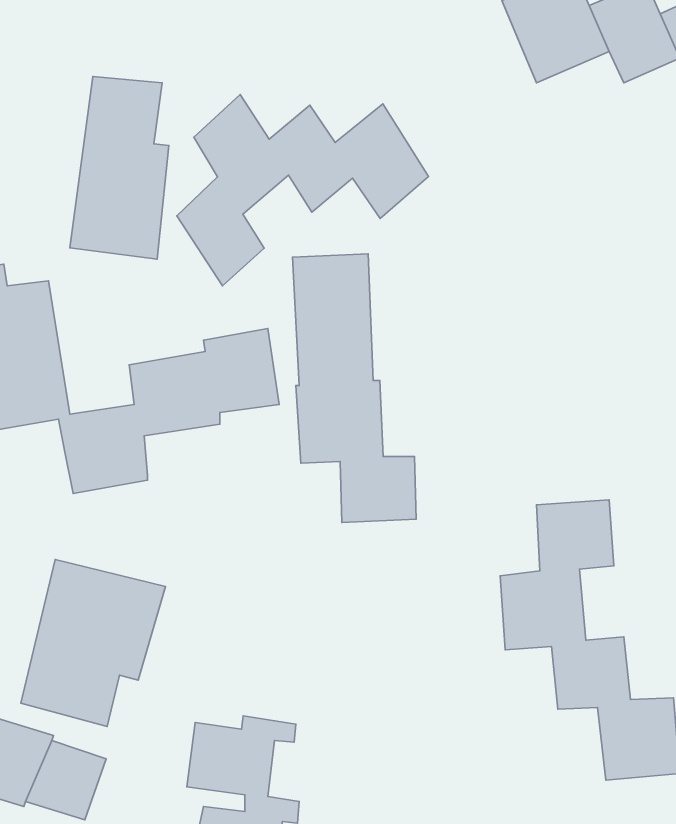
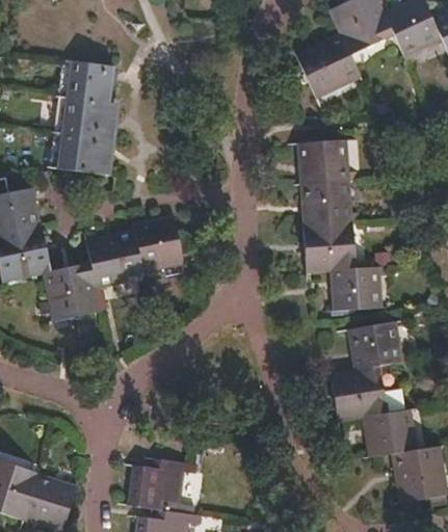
building: none -> [291,34,359,103]
building: [177,94,429,286] -> none
building: [292,254,416,522] -> [298,139,376,309]
building: [21,560,165,726] -> none

